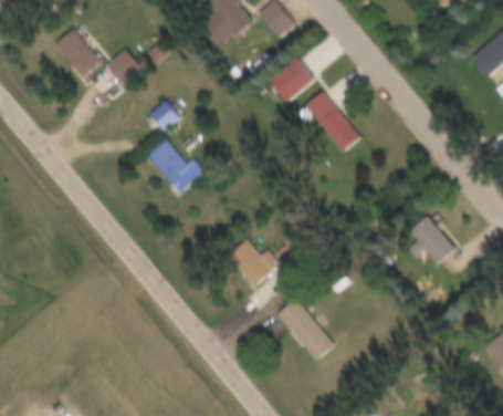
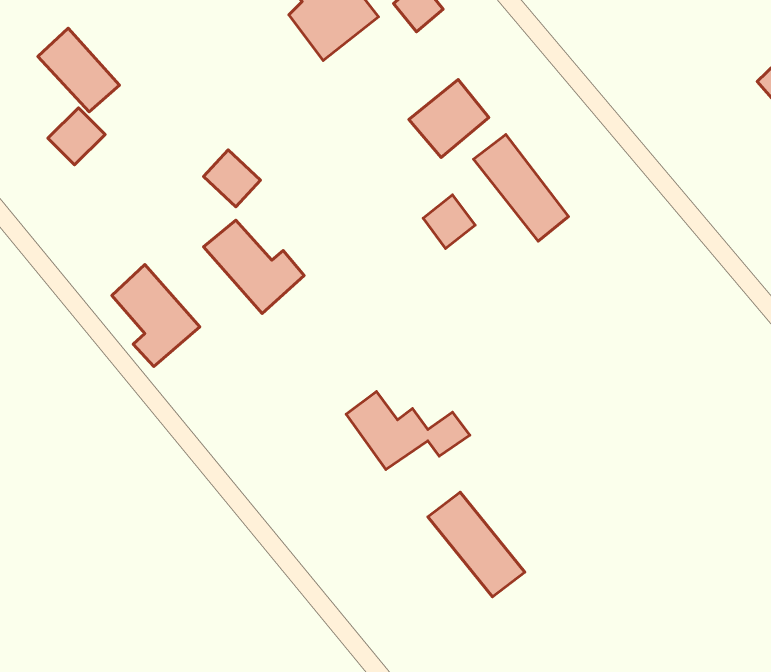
building: [107,51,140,84] -> [48,108,105,165]
building: none -> [423,195,475,249]
building: none -> [112,264,200,366]
building: [404,217,454,268] -> none

